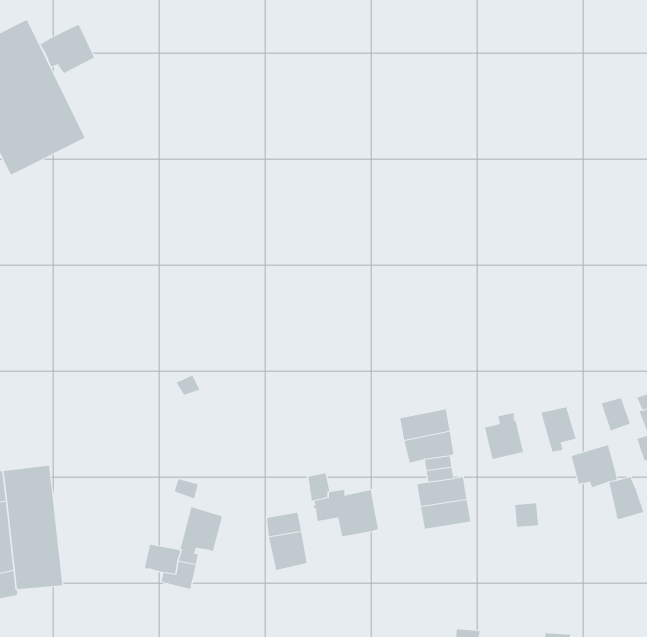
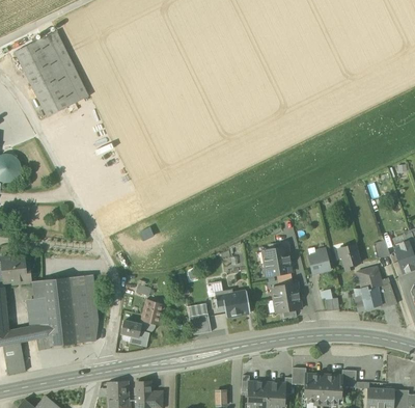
building: [40,24,95,74] -> none
building: none -> [68,274,98,344]
building: none -> [354,287,381,311]

